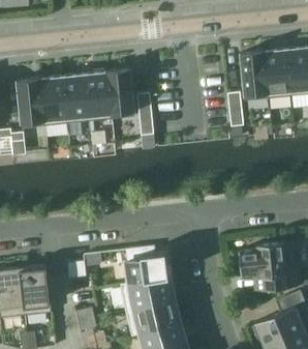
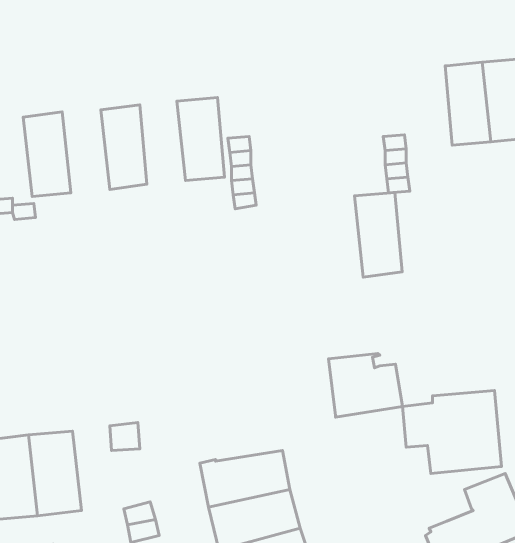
building: [240,52,268,101] -> [354,192,402,277]
building: [85,72,112,121] -> none
building: [39,78,67,126] -> none
building: [125,246,168,284] -> [329,354,403,417]

